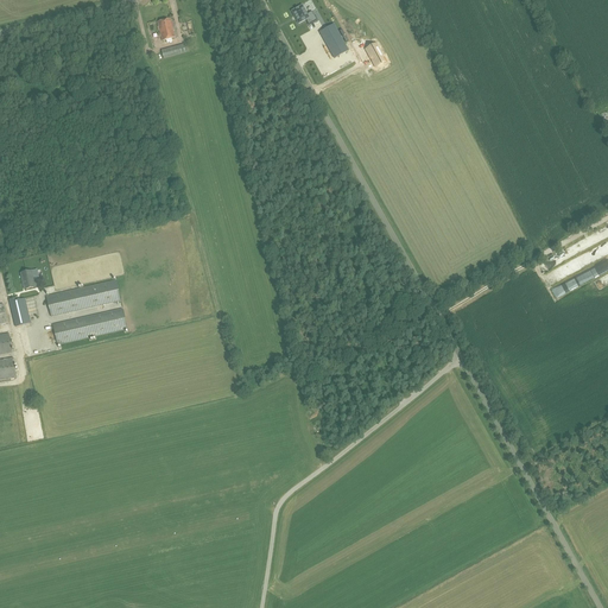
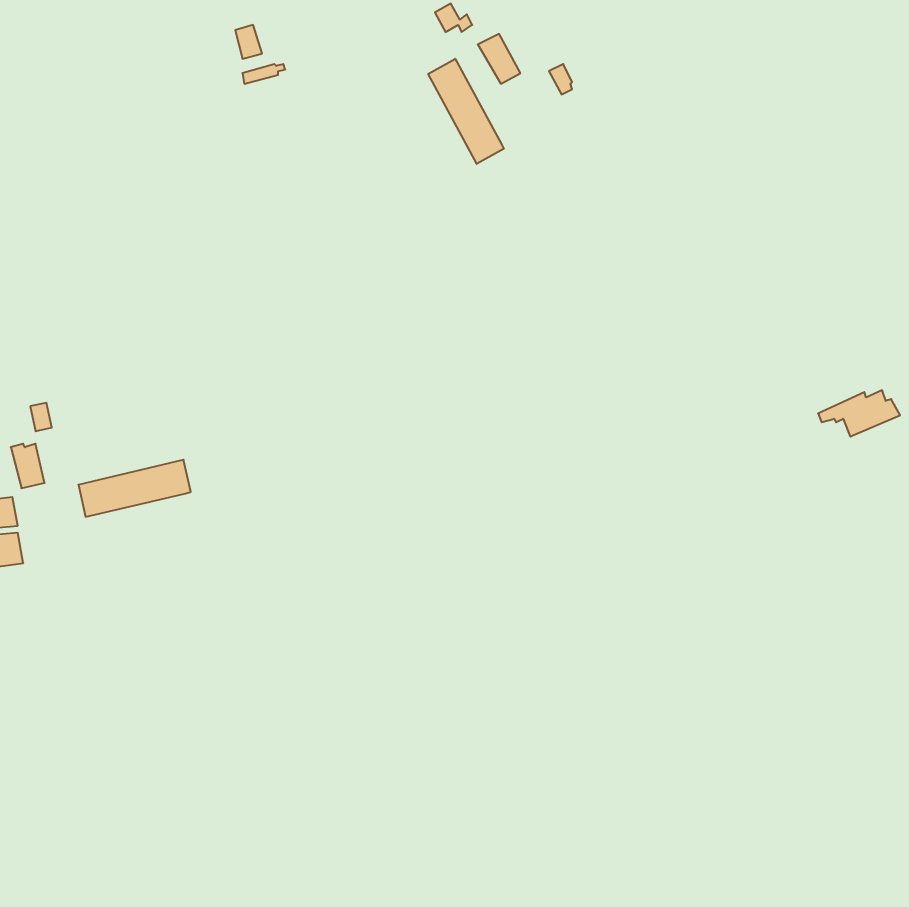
building: none -> [428,59,504,164]
building: [45,278,120,315] -> none

